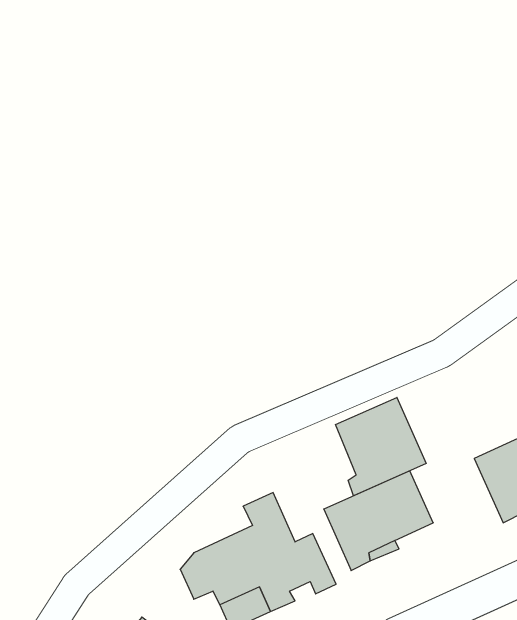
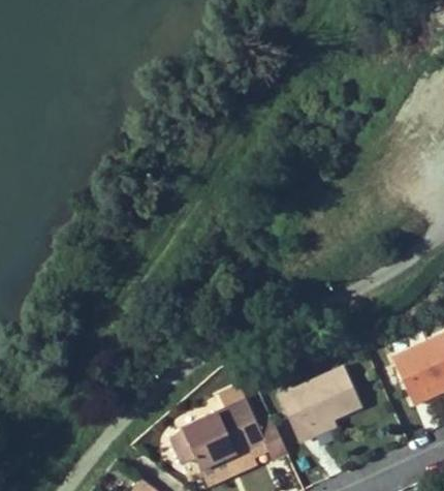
building: [335,397,426,496] -> none

